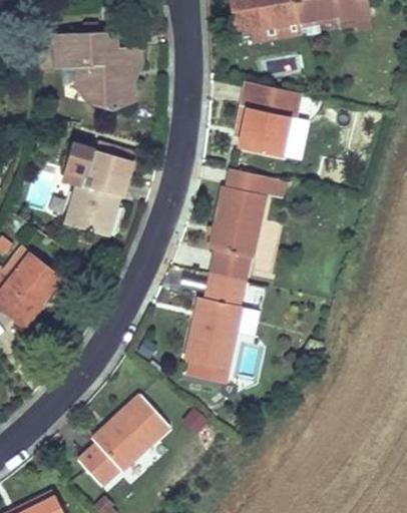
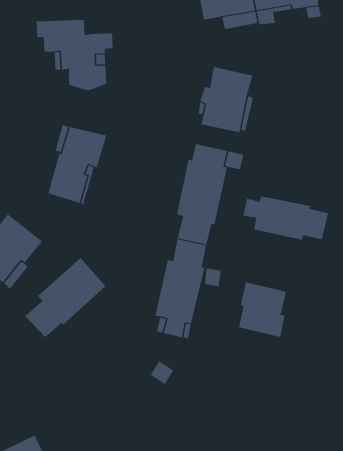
building: none -> [243,195,329,241]
building: none -> [238,281,286,338]
building: [77,394,167,483] -> [24,257,106,338]

